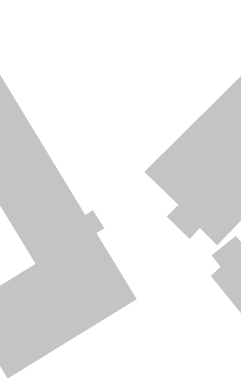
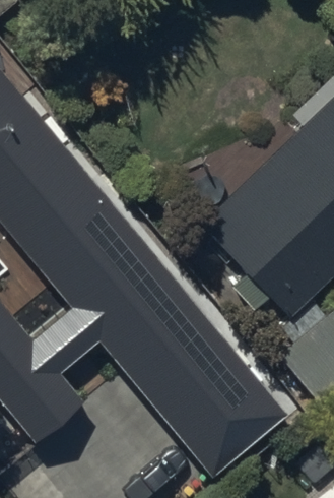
building: none -> [170,352,293,474]

